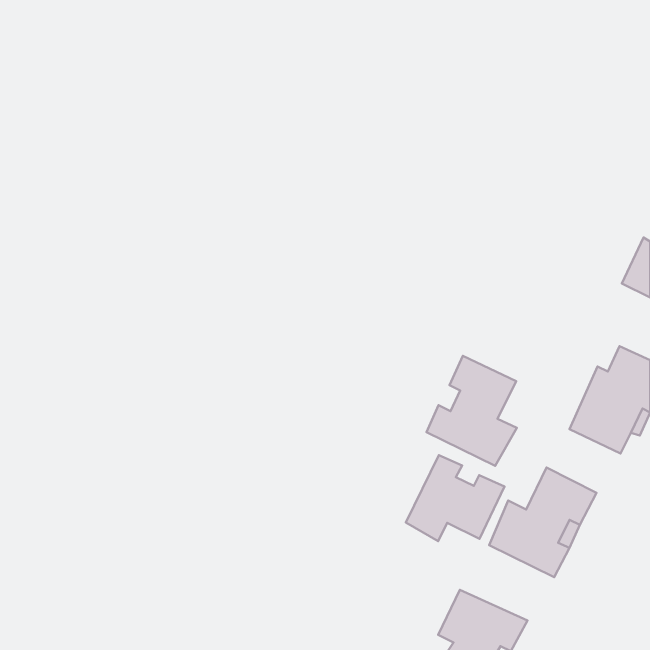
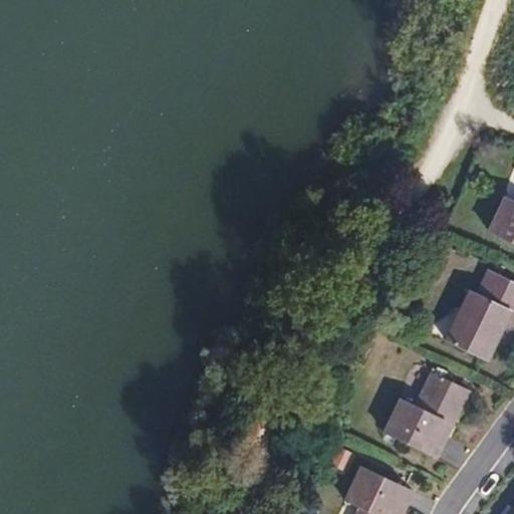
building: [426,356,517,466] -> none
building: [406,455,504,541] -> none

